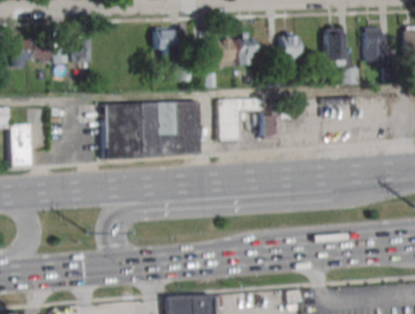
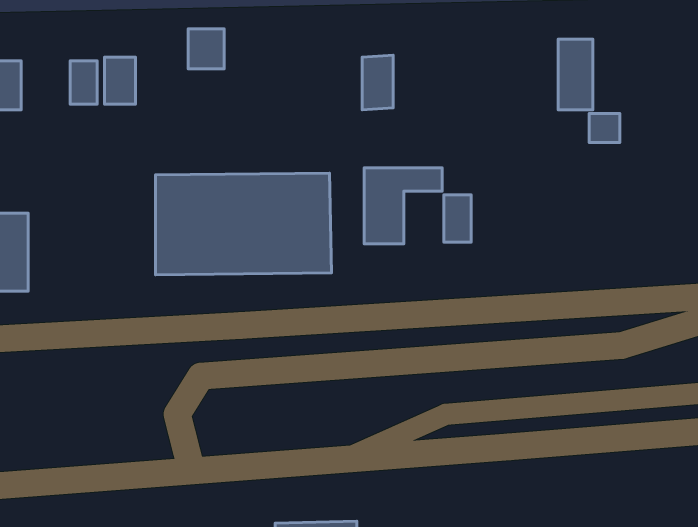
building: [365,26,383,61] -> none
building: [154,27,174,49] -> [188,29,224,69]
building: [238,33,256,64] -> none
building: [282,33,300,68] -> none
building: [31,39,50,61] -> none

